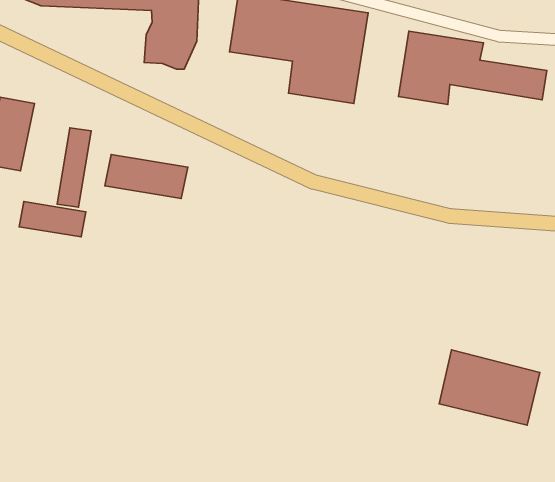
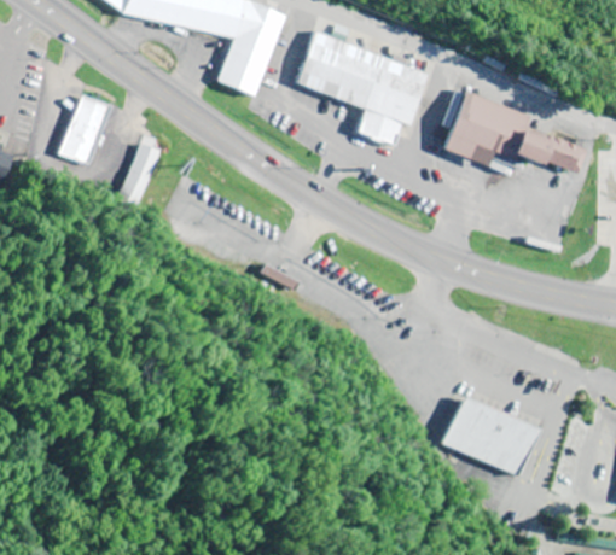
building: [105,155,188,198] -> none
building: [19,202,86,237] -> none

